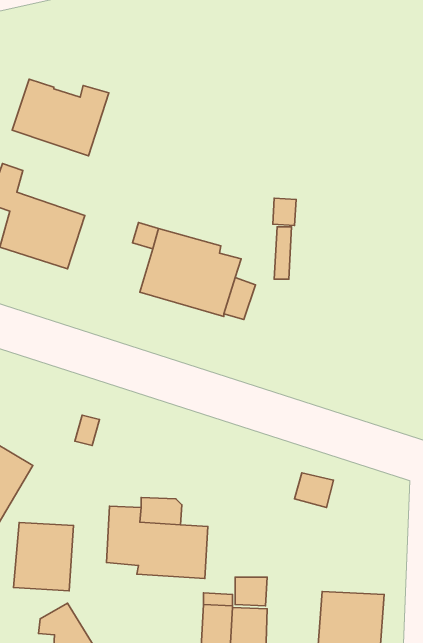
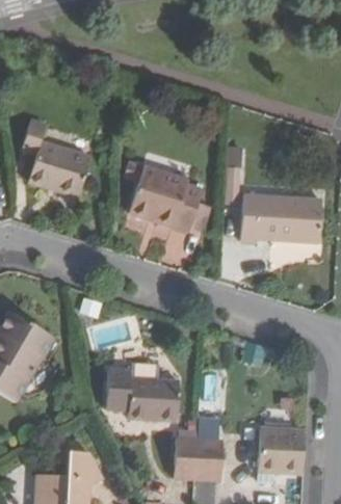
building: [12,79,109,156] -> none
building: none -> [240,196,322,241]
building: [13,522,73,591] -> none

